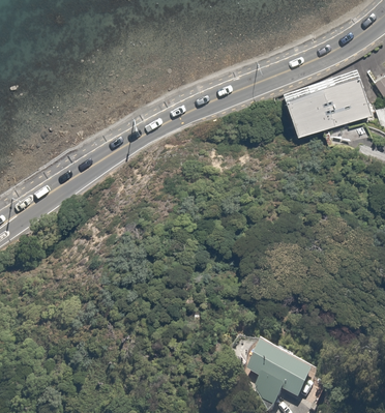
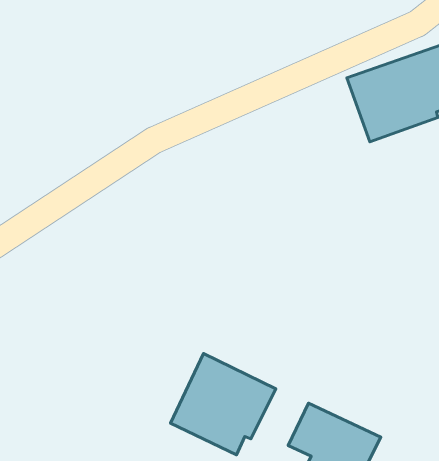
building: none -> [170,353,276,455]

